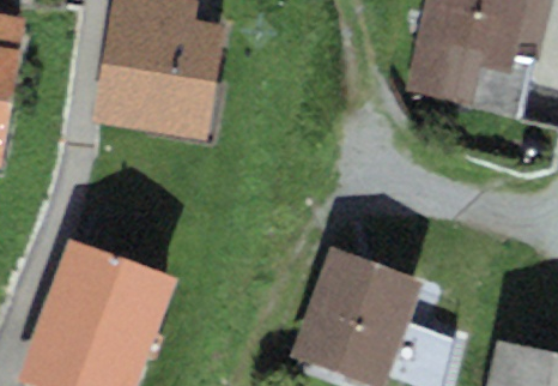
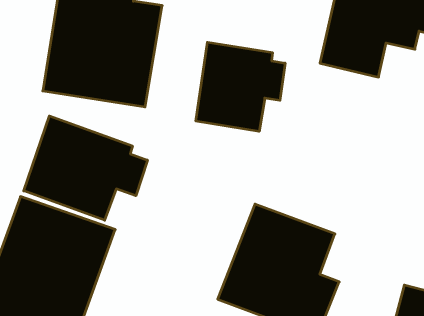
building: none -> [196,42,285,131]
building: none -> [24,116,147,220]

